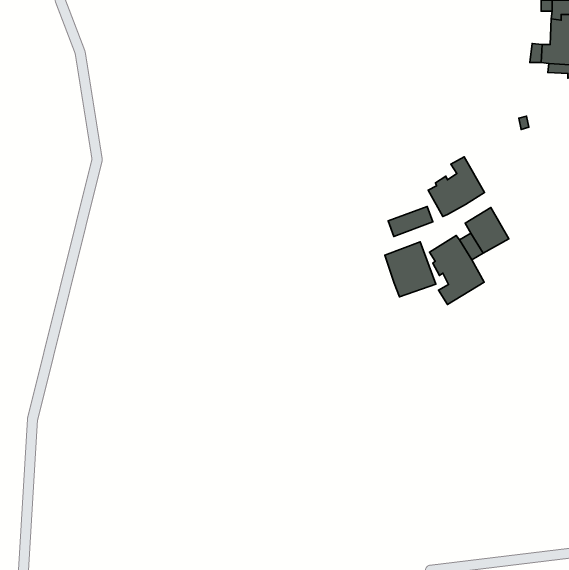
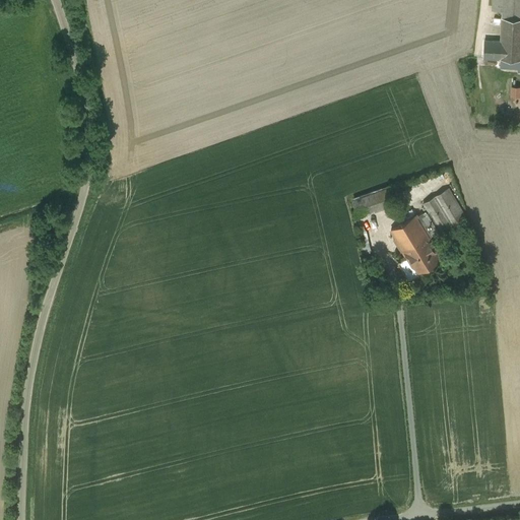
building: [428,157,484,217] -> none
building: [385,242,436,297] -> none

